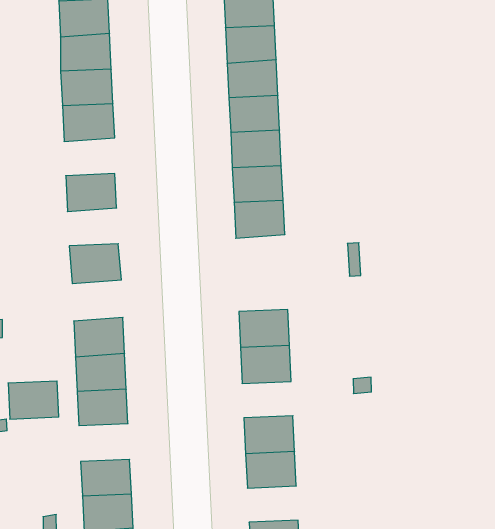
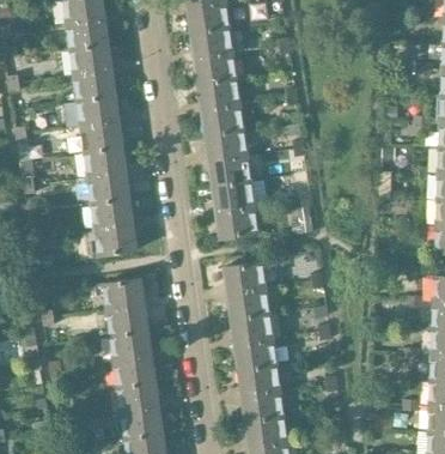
building: none -> [86,147,126,178]
building: none -> [93,199,133,230]
building: none -> [219,207,258,240]
building: [8,381,59,419] -> [116,357,156,388]
building: none -> [233,315,273,345]
building: none -> [244,392,284,422]

